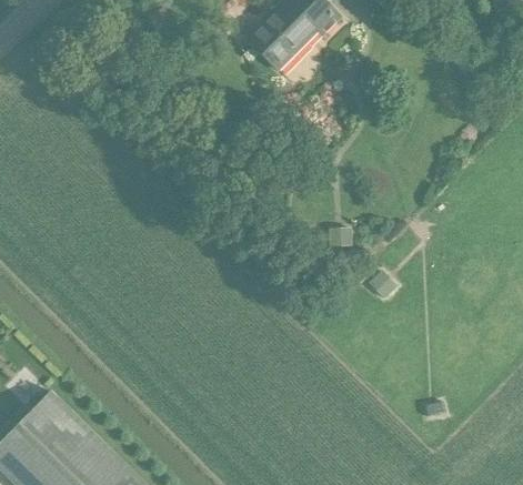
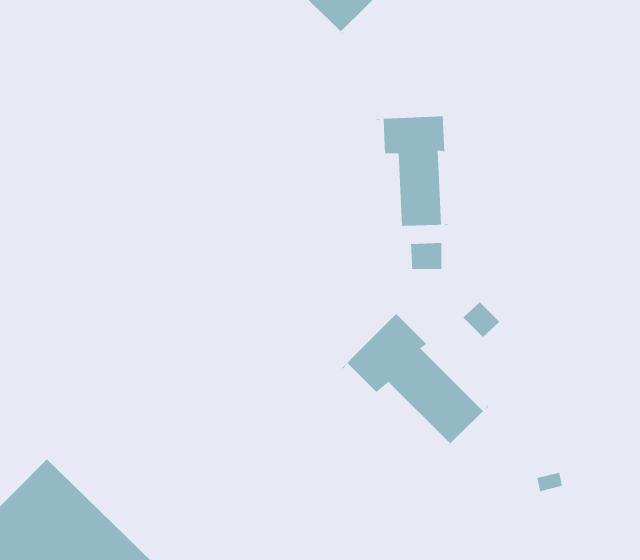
building: none -> [376,115,448,227]
building: none -> [341,313,489,459]

